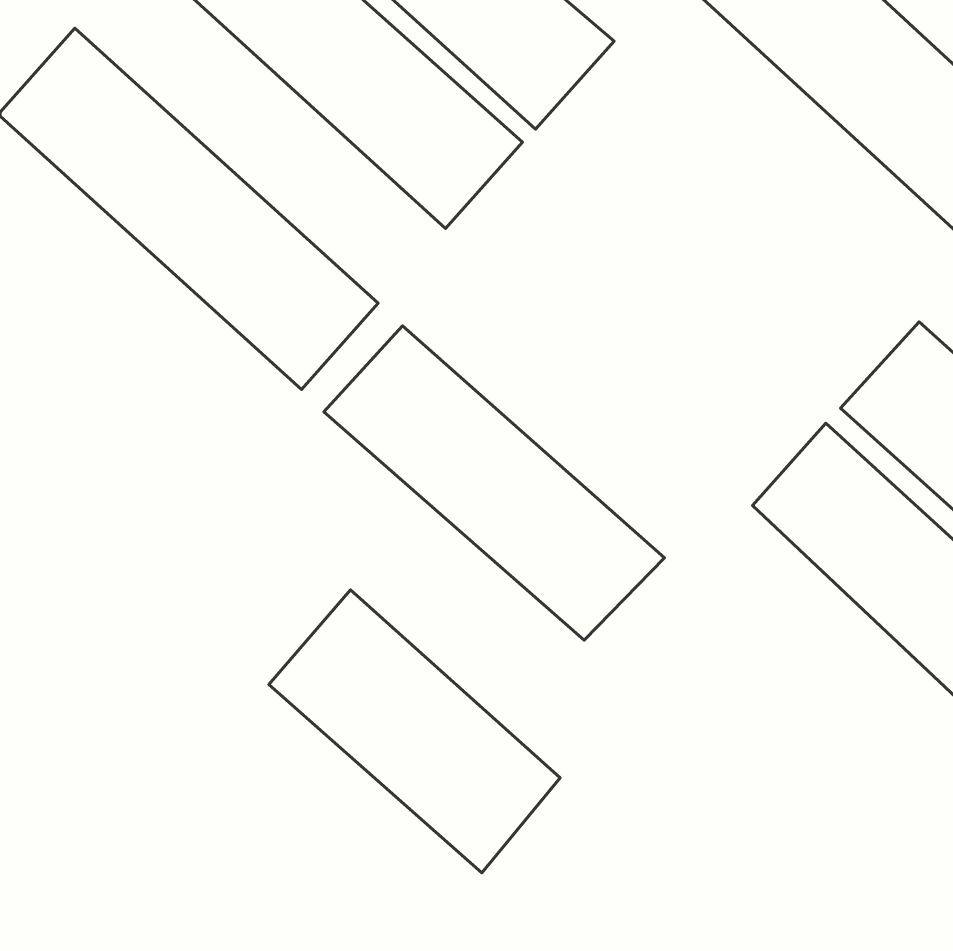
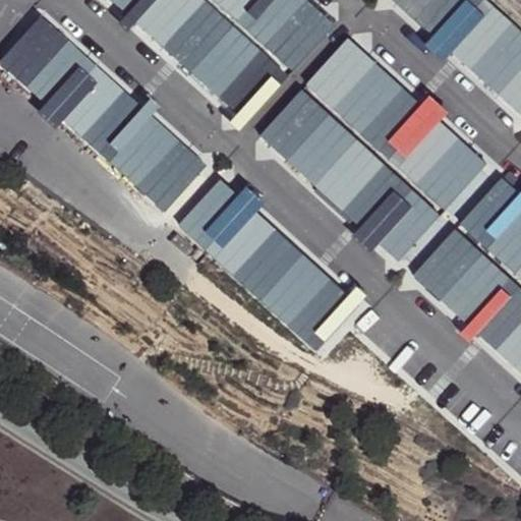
building: none -> [306,35,488,210]
building: none -> [255,90,440,263]
building: [269,590,560,873] -> none

